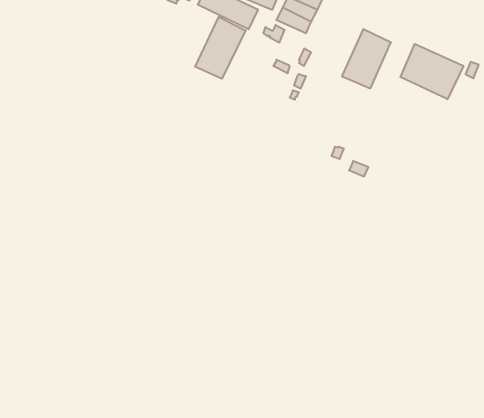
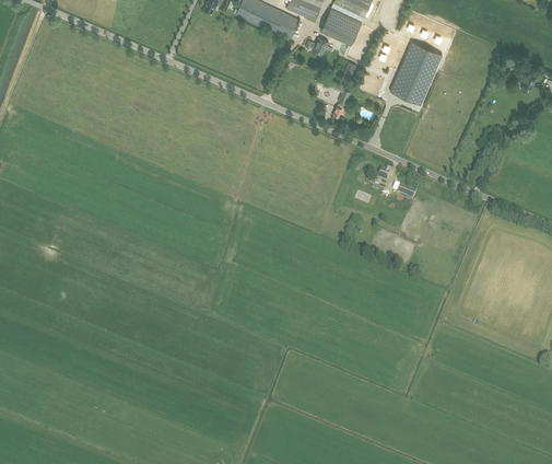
building: [195,17,246,79] -> none
building: [400,44,463,99] -> none

